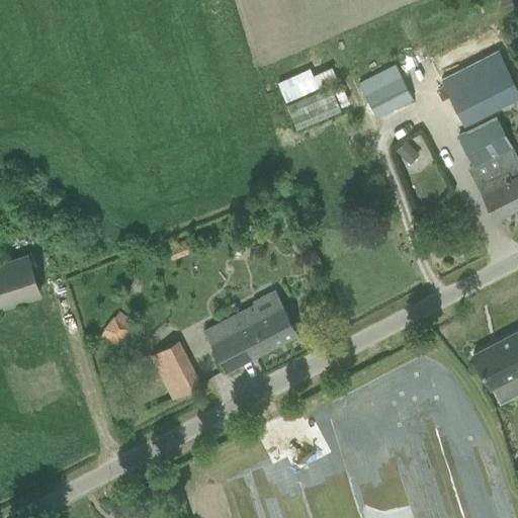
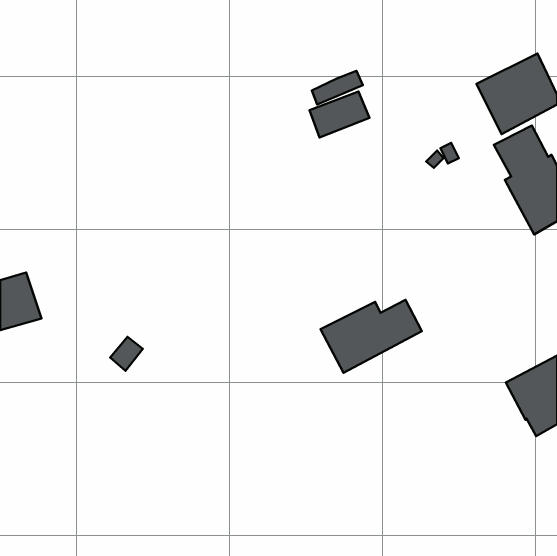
building: [360,65,413,116] -> none
building: [204,305,298,372] -> [321,300,422,373]
building: [149,343,200,401] -> none

